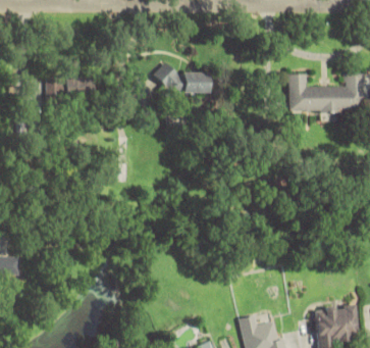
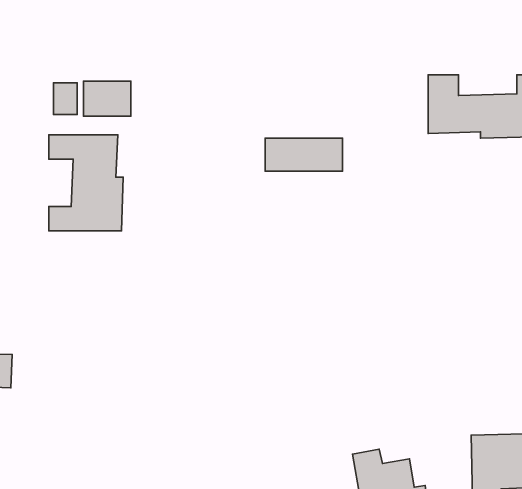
building: [159,70,209,92] -> [265,138,343,171]
building: none -> [49,135,123,231]

